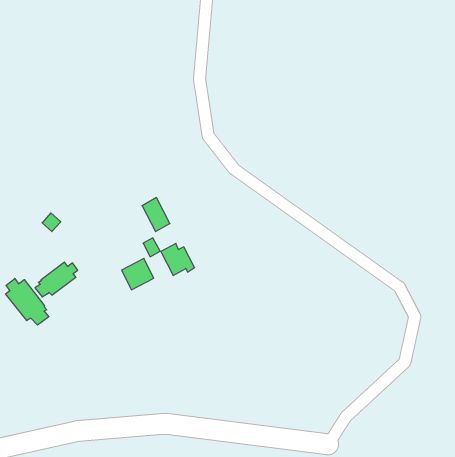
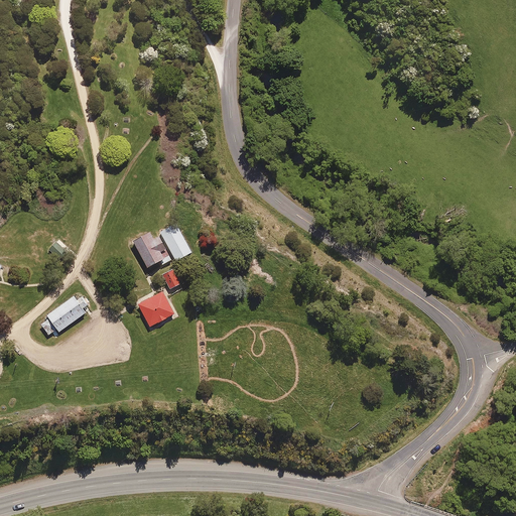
building: [161,243,195,276] -> [133,232,171,268]
building: [6,278,49,325] -> none

